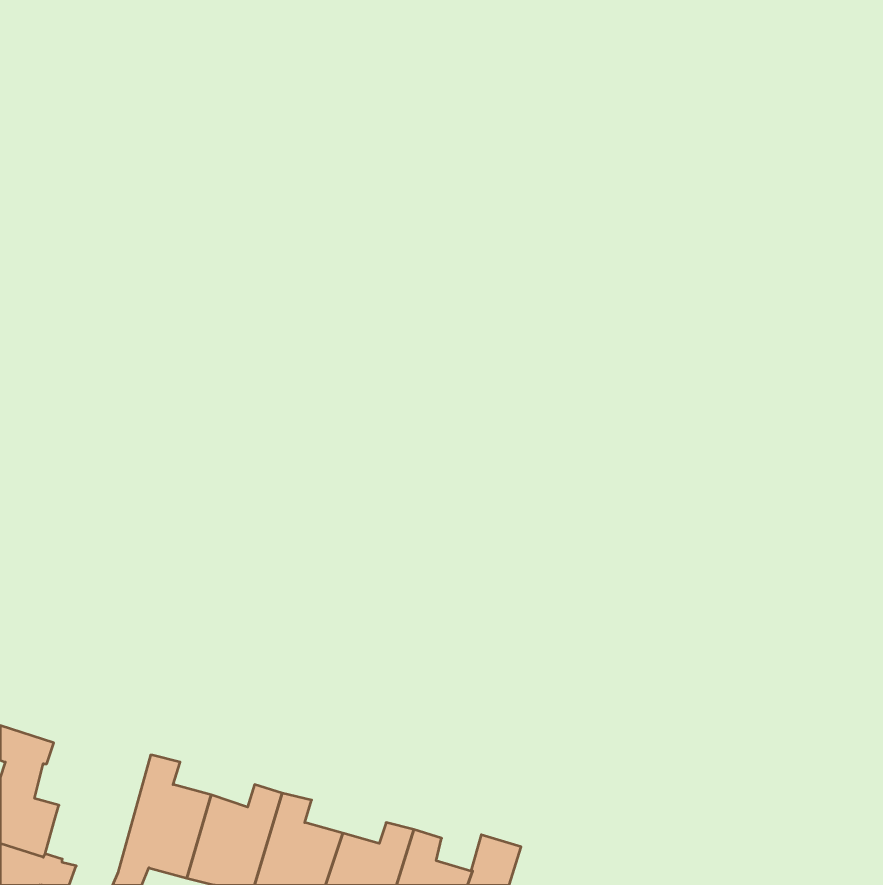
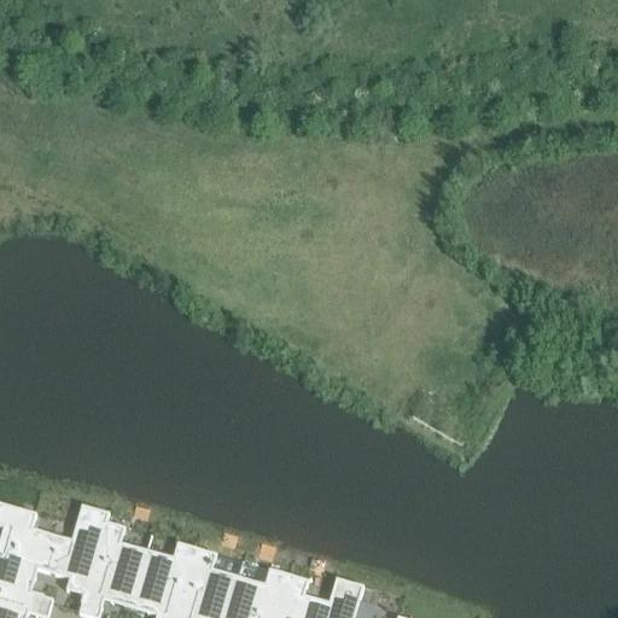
building: none -> [25,509,111,608]

